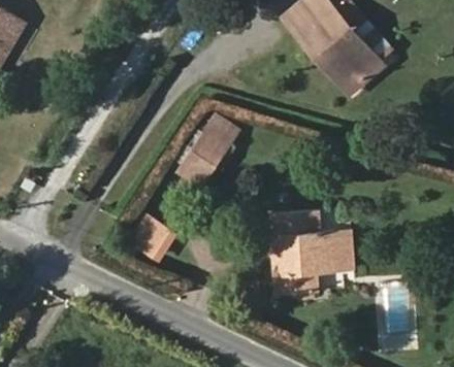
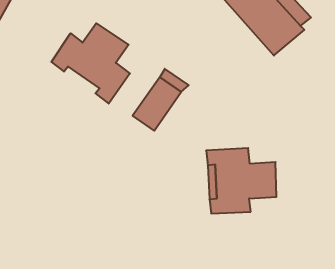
building: none -> [51,23,130,104]
building: [127,210,177,260] -> none

